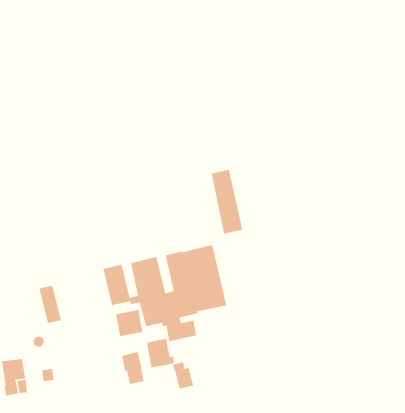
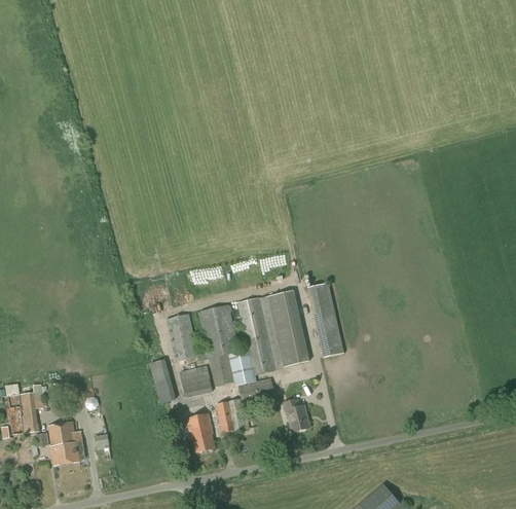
building: [211,169,243,235] -> [307,281,344,357]
building: [39,285,62,324] -> [148,358,175,403]
building: [172,361,194,389] -> [284,399,309,432]

